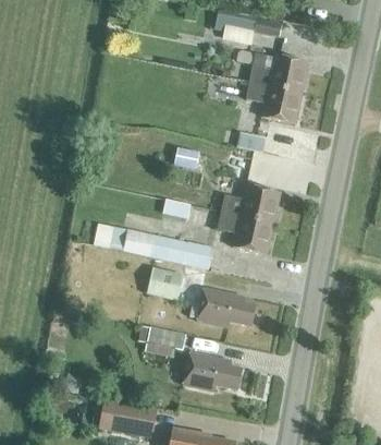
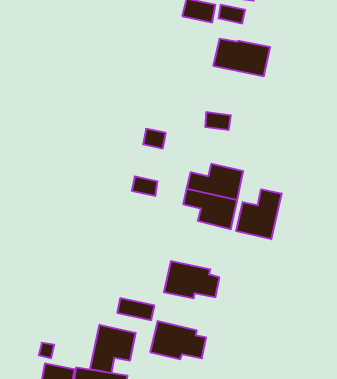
building: [245,82,302,123] -> none
building: none -> [236,189,282,239]
building: [110,226,213,270] -> none
building: [147,268,185,301] -> none
building: none -> [90,325,136,373]

